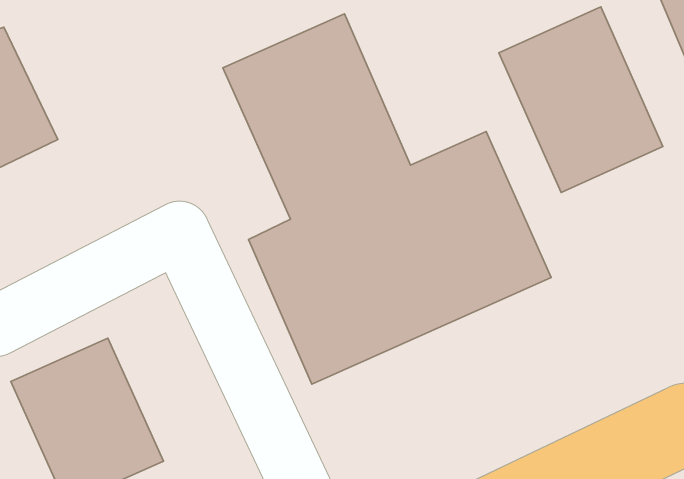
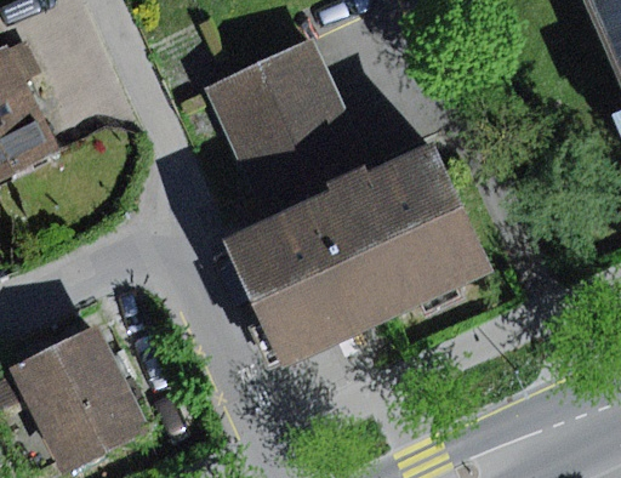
building: [499,7,663,193] -> none

